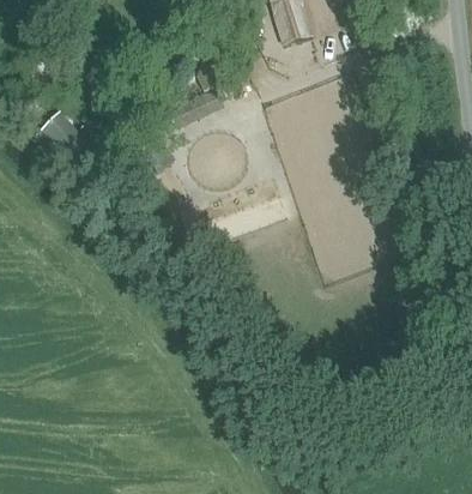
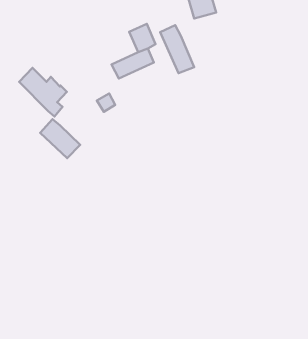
building: none -> [160,25,194,73]
building: none -> [40,119,80,158]

